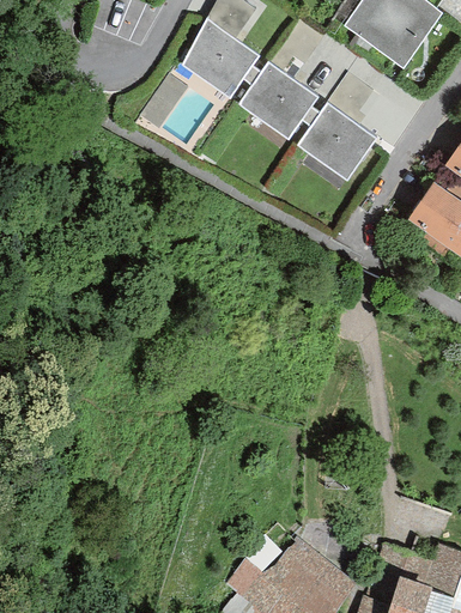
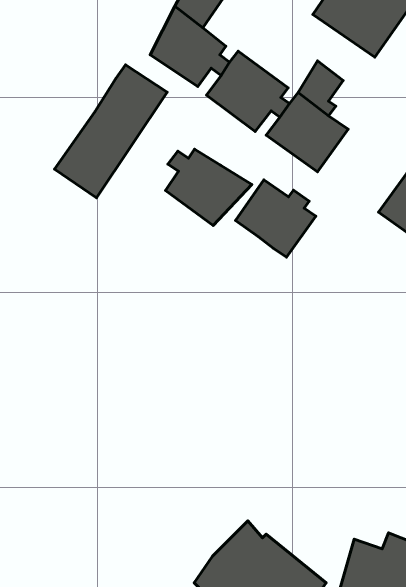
building: none -> [55,65,167,198]
building: none -> [165,149,252,226]
building: none -> [236,180,316,257]

